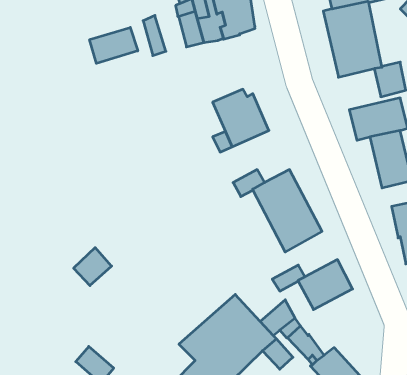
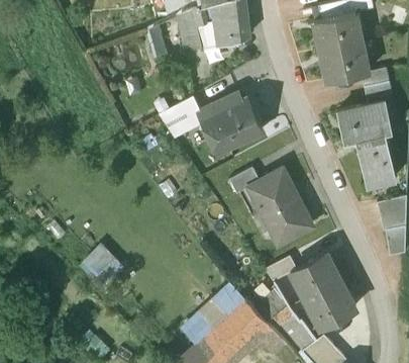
building: [90,27,138,63] -> none
building: none -> [159,96,205,139]
building: none -> [304,280,355,328]

